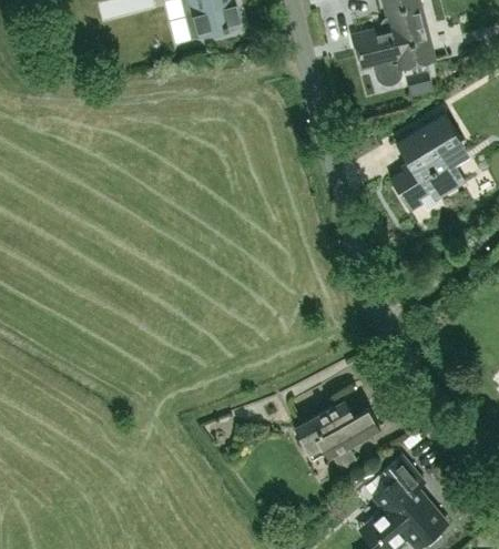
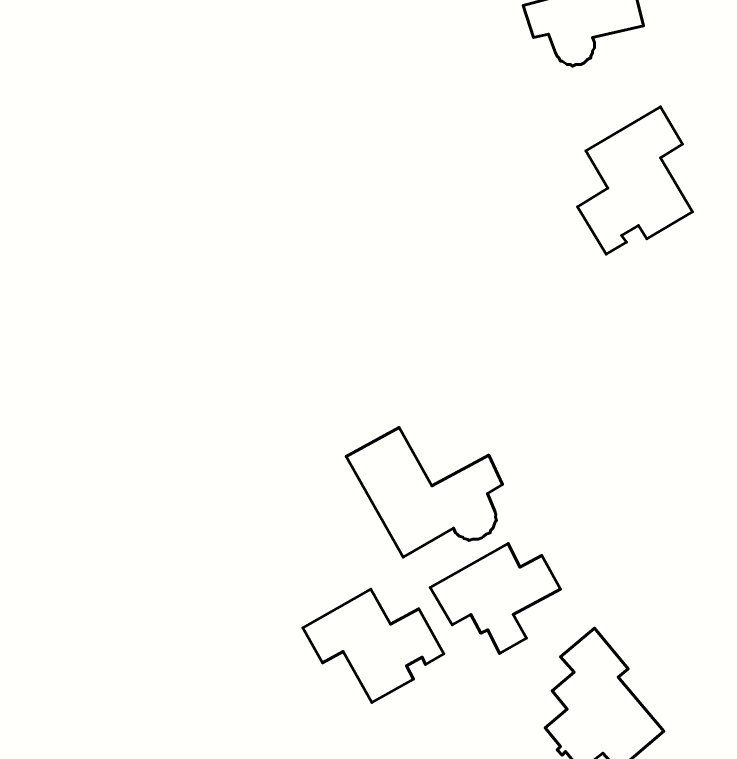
building: none -> [346,427,503,557]
building: none -> [303,589,444,703]

